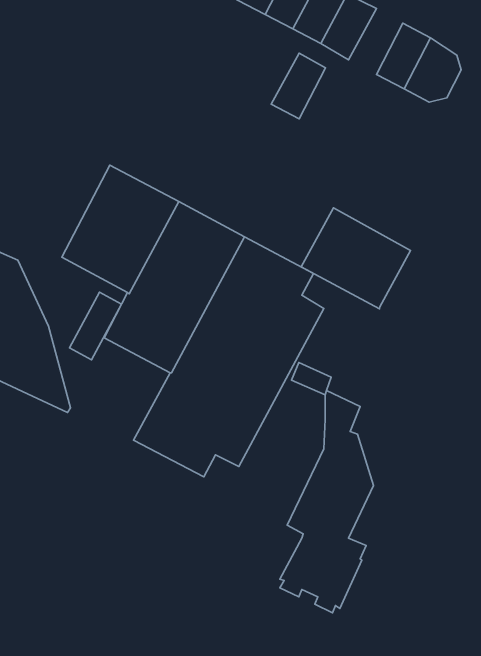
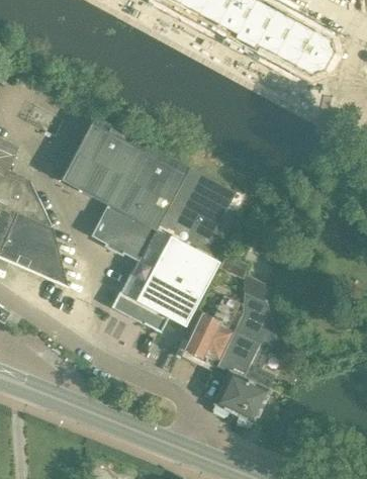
building: [271,53,325,119] -> [259,9,296,55]
building: [301,208,410,309] -> none
building: [70,292,121,360] -> none
building: none -> [183,296,237,368]

